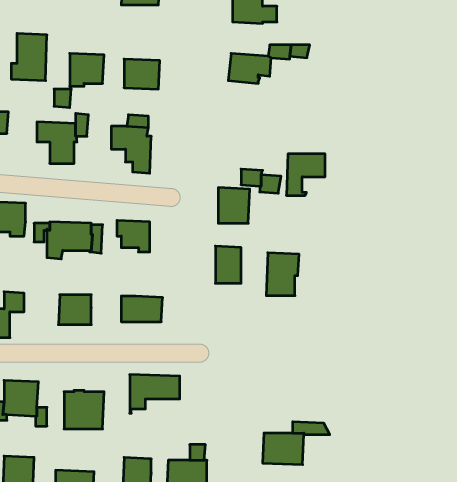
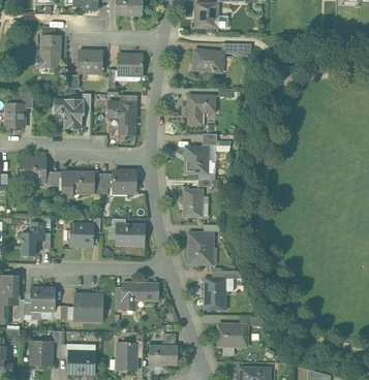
building: [286,154,325,195] -> [187,94,215,124]
building: [266,253,299,296] -> [188,231,212,262]
building: none -> [203,277,225,309]

